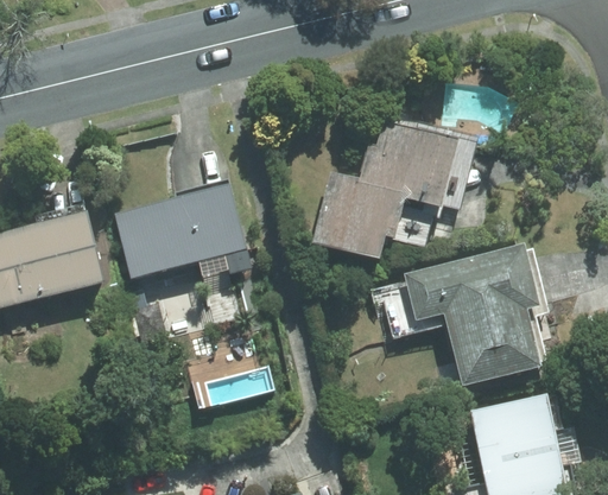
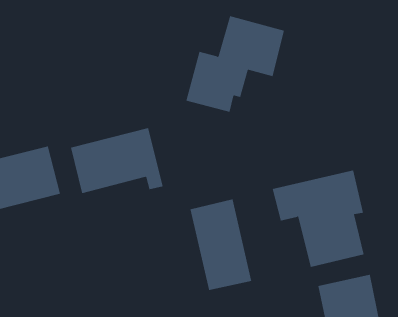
building: [312,121,455,260] -> [185,16,285,113]
building: none -> [190,199,252,291]

